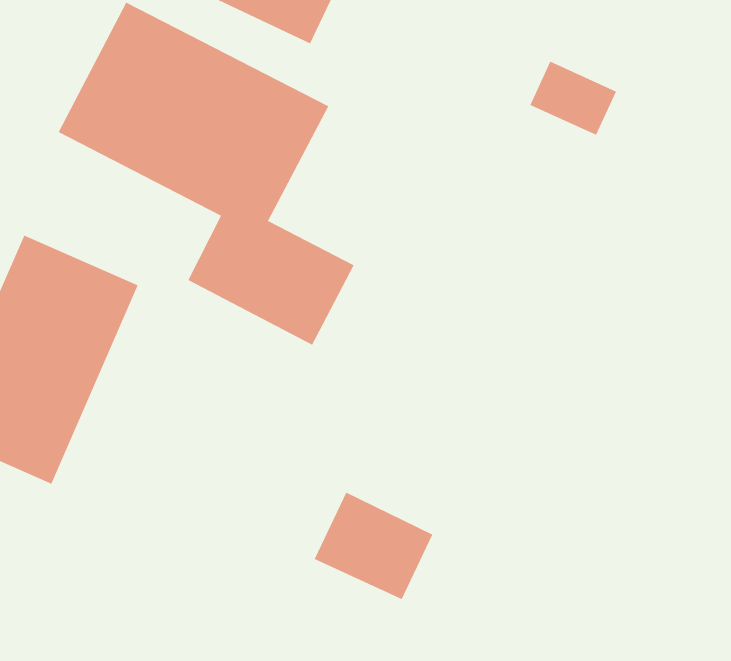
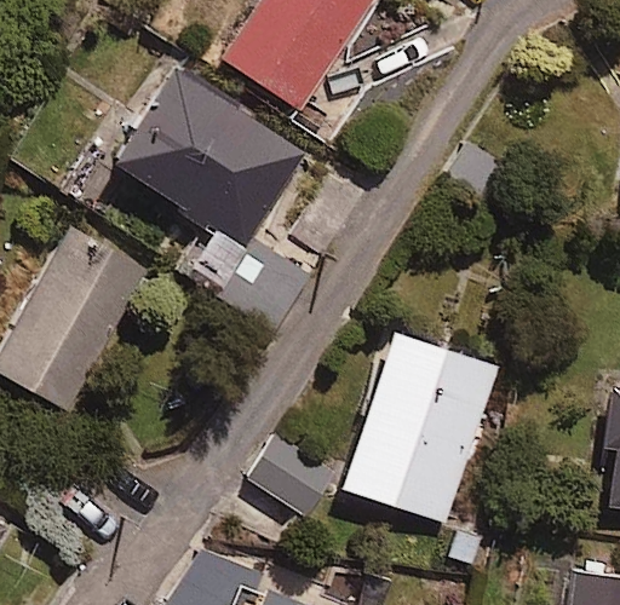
building: none -> [349,334,512,526]

